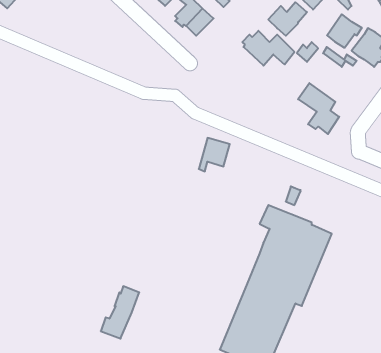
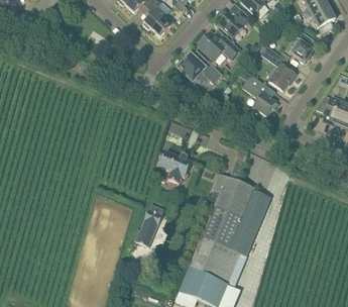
building: [327,14,362,48] -> [268,63,297,90]
building: none -> [178,54,223,84]
building: none -> [159,150,192,184]
building: [101,286,139,339] -> [133,203,164,245]

